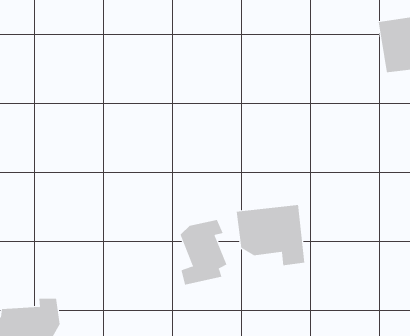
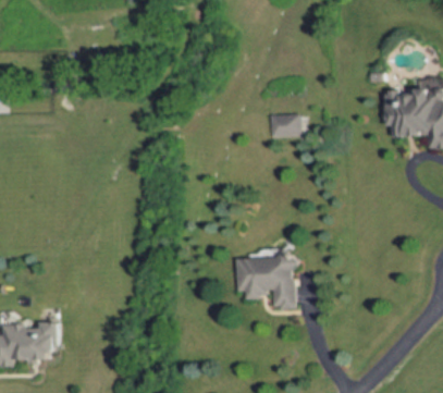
building: none -> [268,113,302,137]
building: [180,219,227,286] -> none

